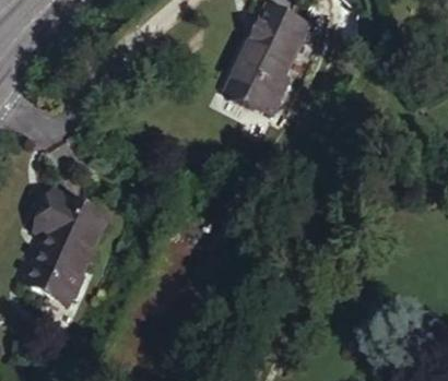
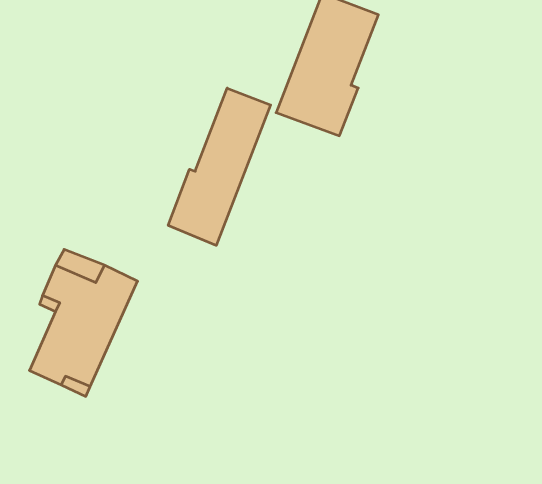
building: none -> [168,88,271,245]

